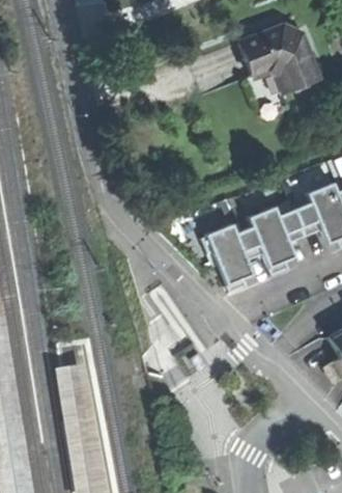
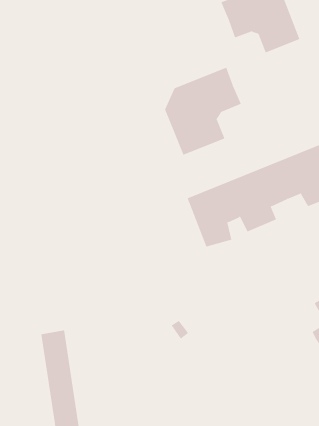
building: none -> [164,67,242,156]

